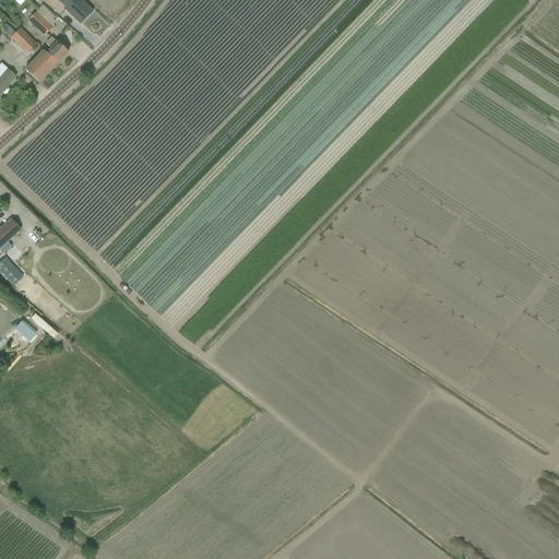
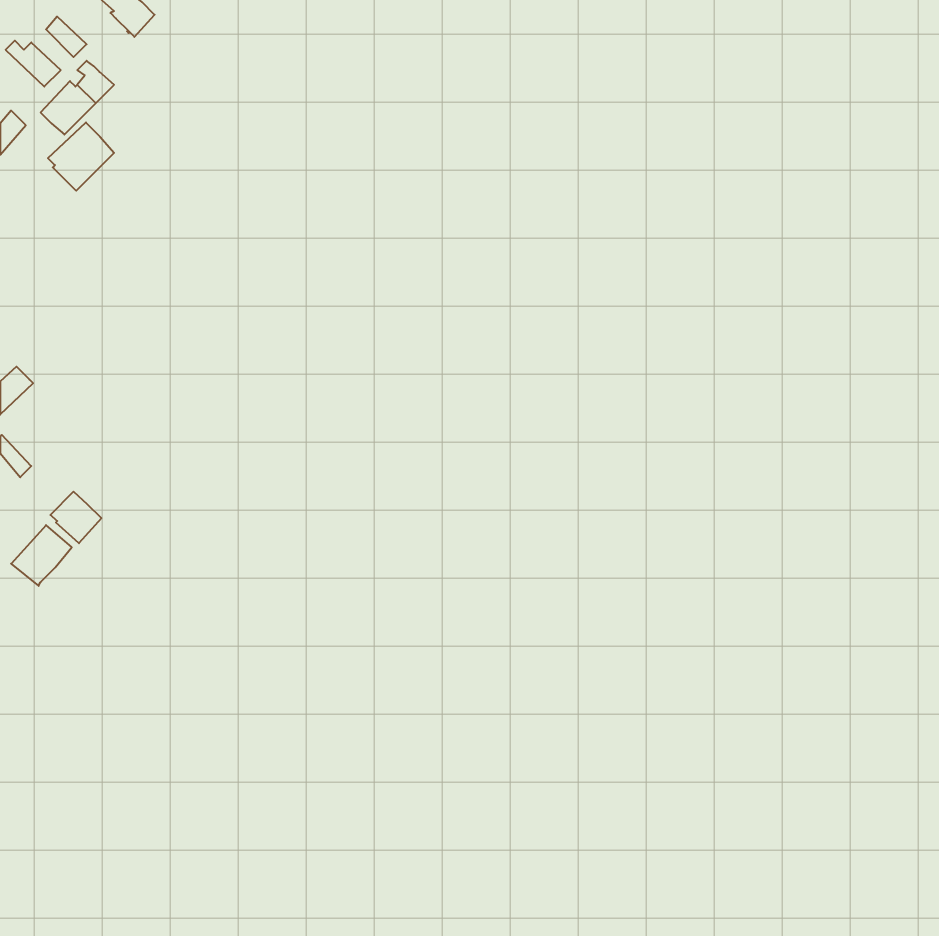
building: none -> [48,122,114,191]
building: none -> [50,492,101,543]

